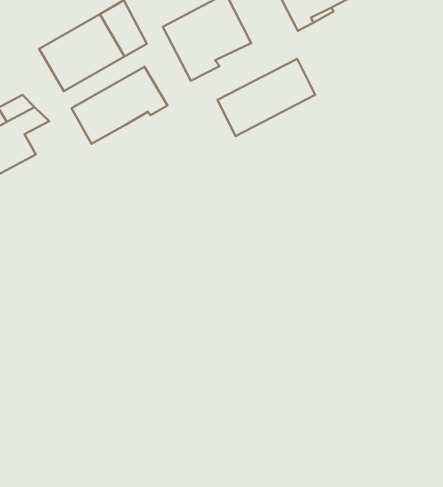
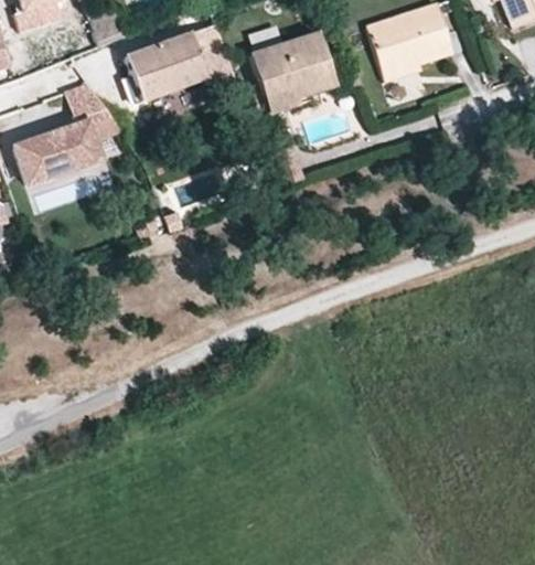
building: [218,59,315,136] -> none
building: [72,67,167,144] -> none

